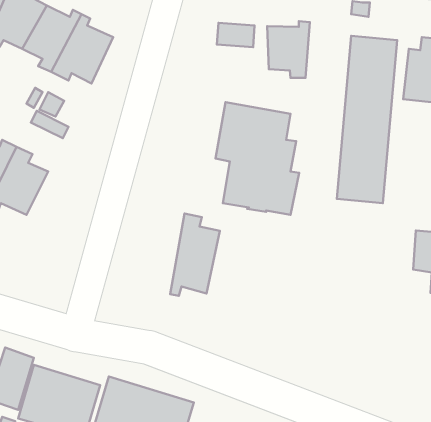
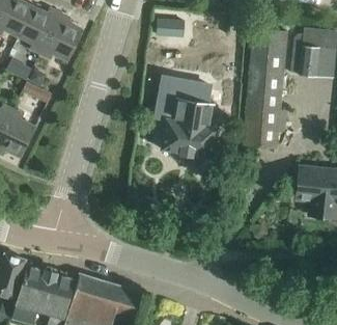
building: [267,21,310,78] -> none
building: [170,214,220,296] -> none

